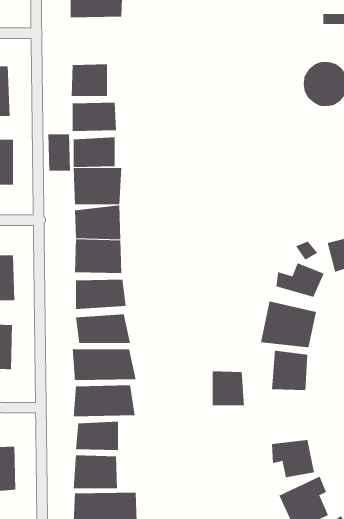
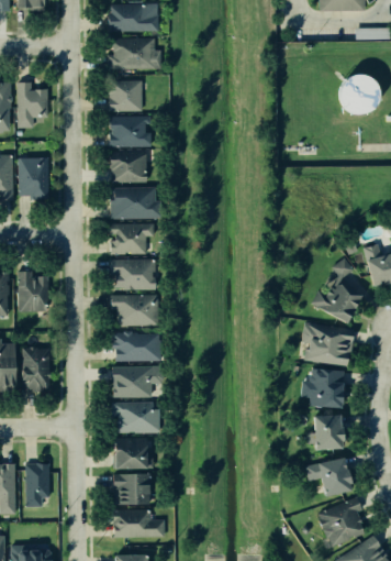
building: none -> [105,37,164,72]
building: [48,133,70,172] -> none
building: [212,371,245,406] -> [312,414,345,449]

